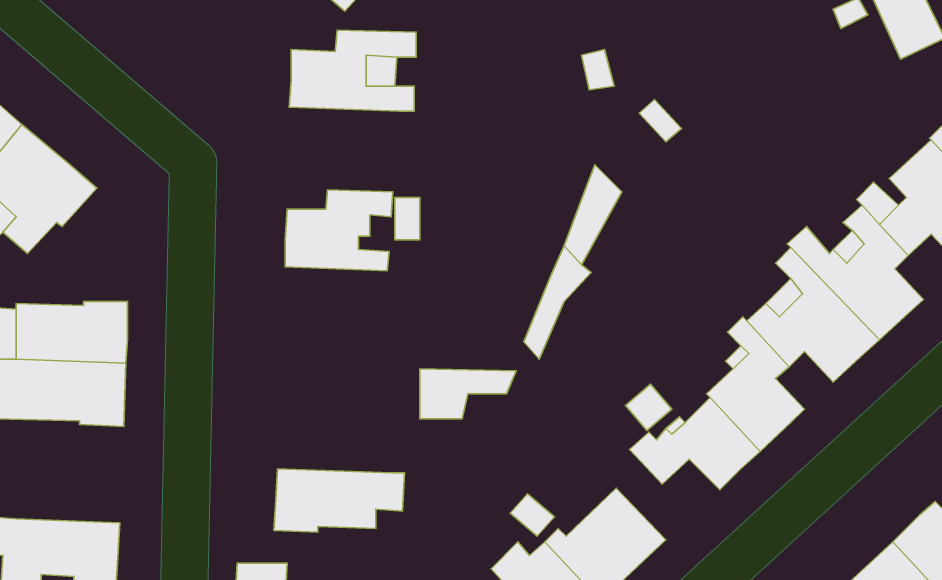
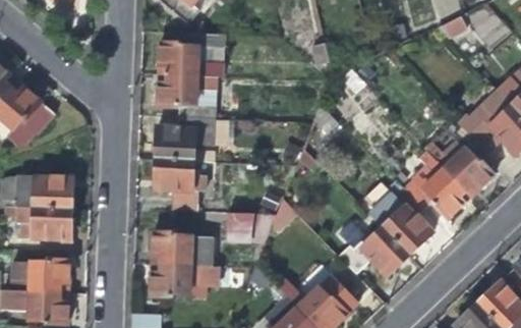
building: none -> [158,72,217,117]
building: none -> [156,157,215,210]
building: none -> [153,231,214,266]
building: none -> [14,259,70,292]

